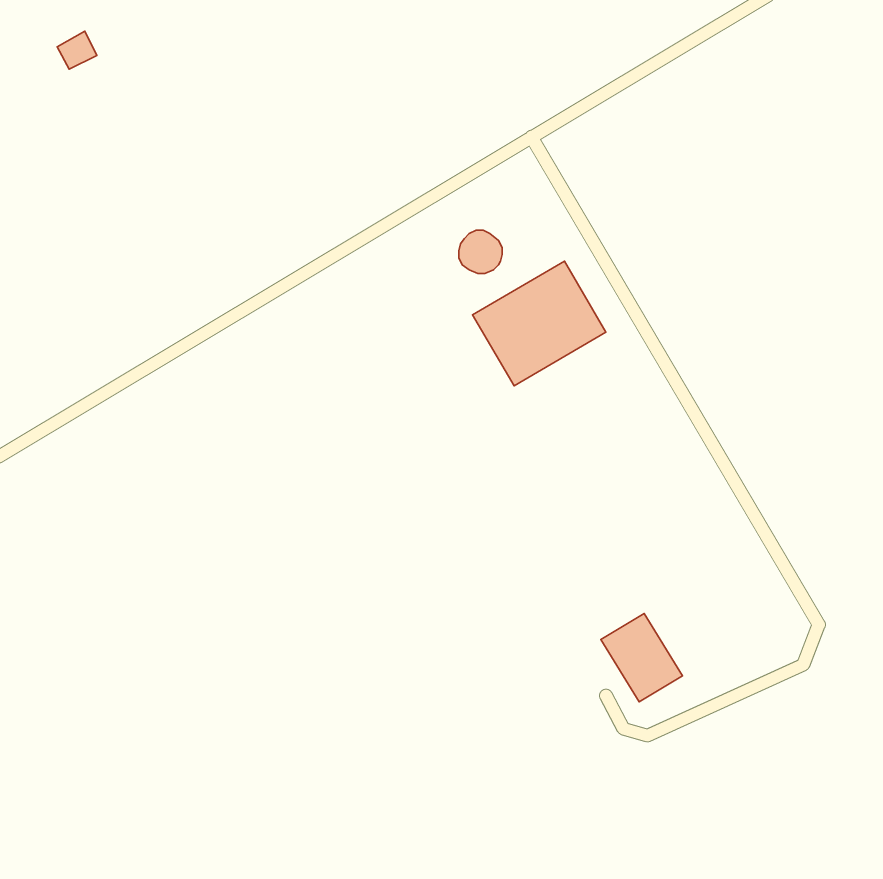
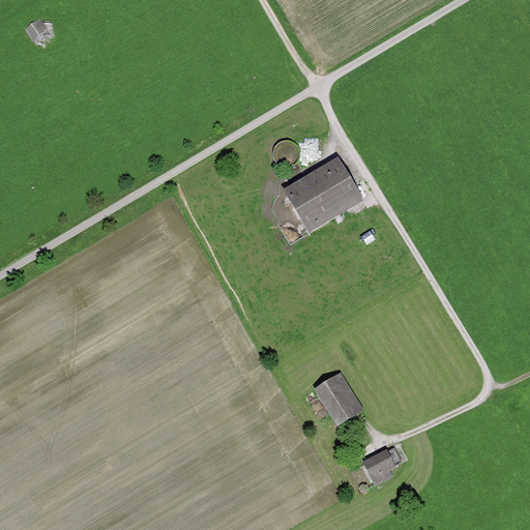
building: [601,614,682,702] -> [315,371,363,423]
building: none -> [363,449,394,484]

